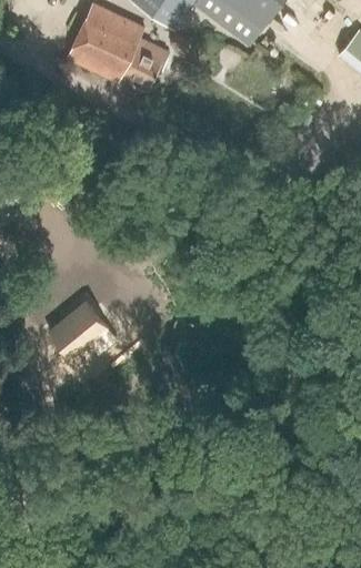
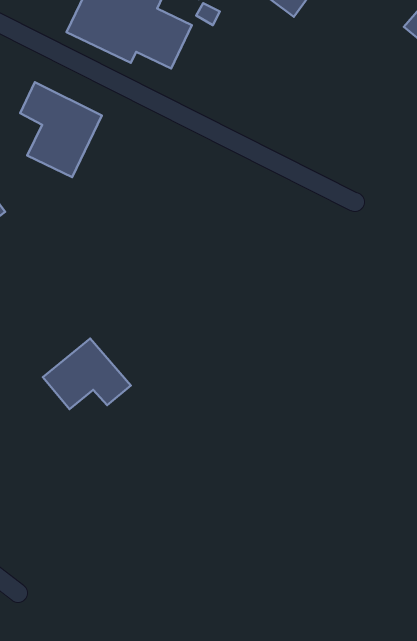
building: none -> [20,82,102,177]

